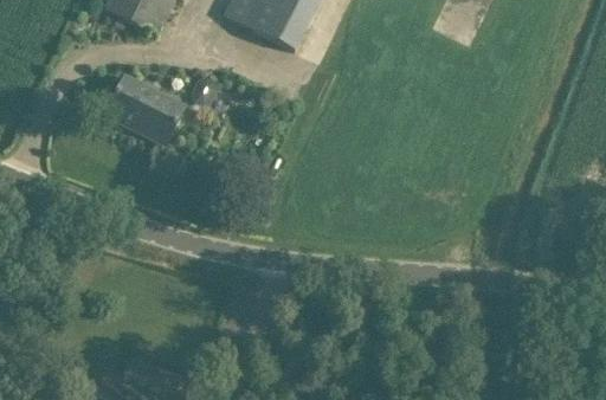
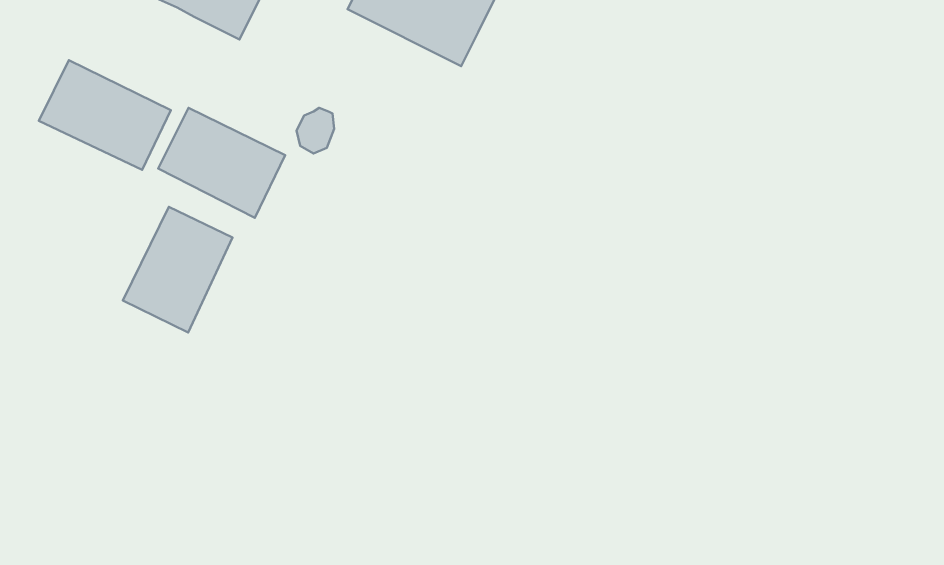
building: none -> [39,60,171,170]
building: none -> [123,207,233,333]

